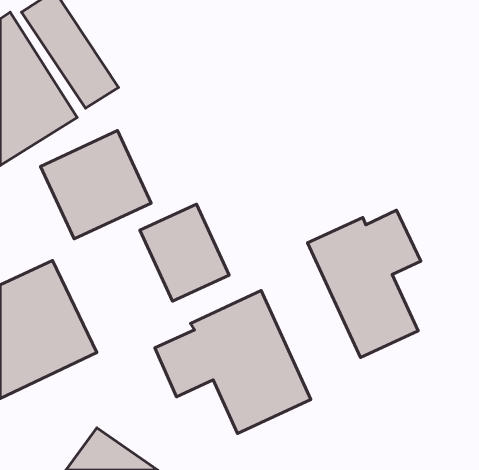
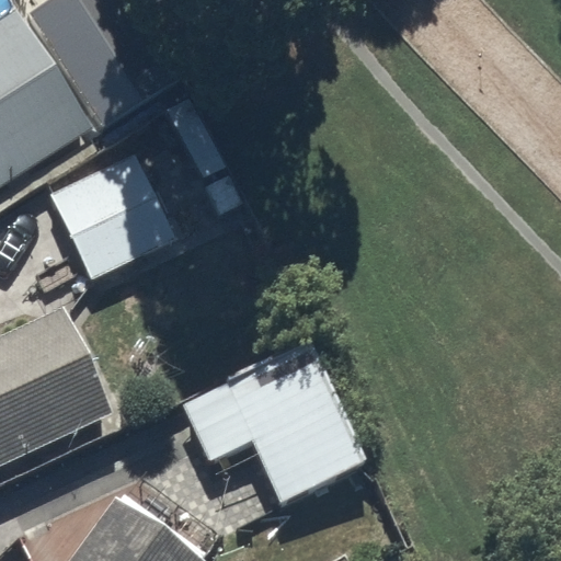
building: [140,204,229,301] -> none
building: [307,210,421,357] -> none

